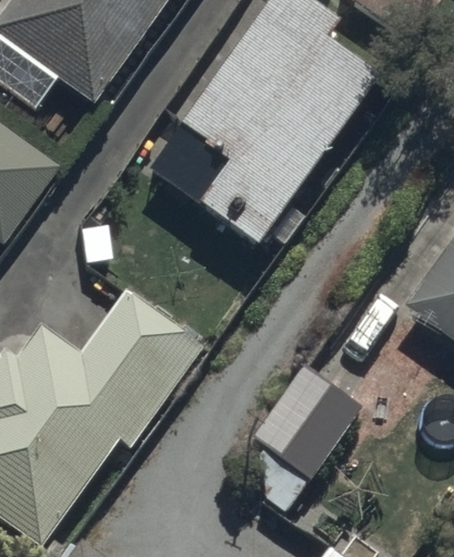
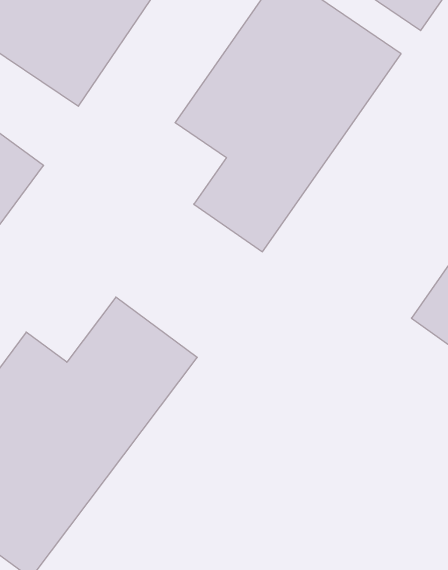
building: [221,361,363,516] -> none

